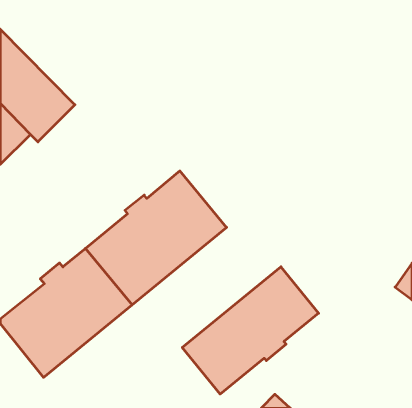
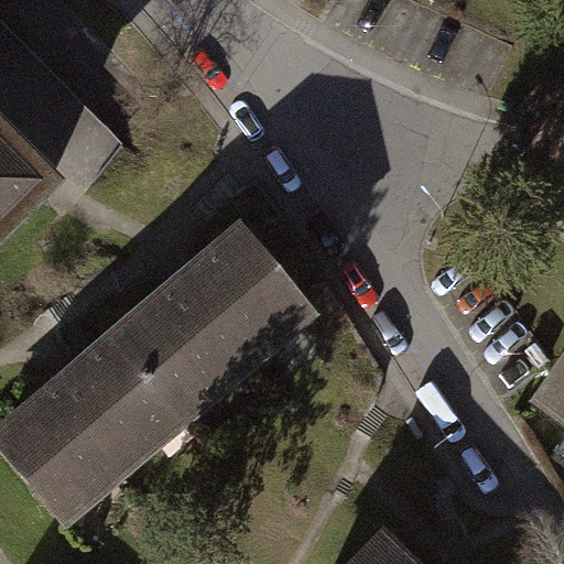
building: [182,267,319,394] -> none

